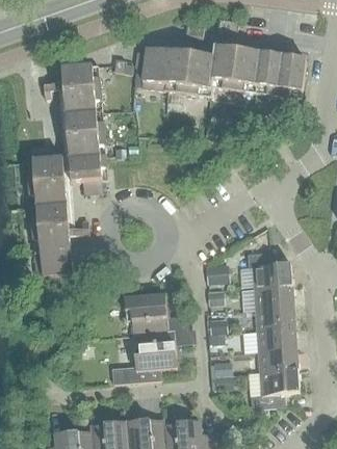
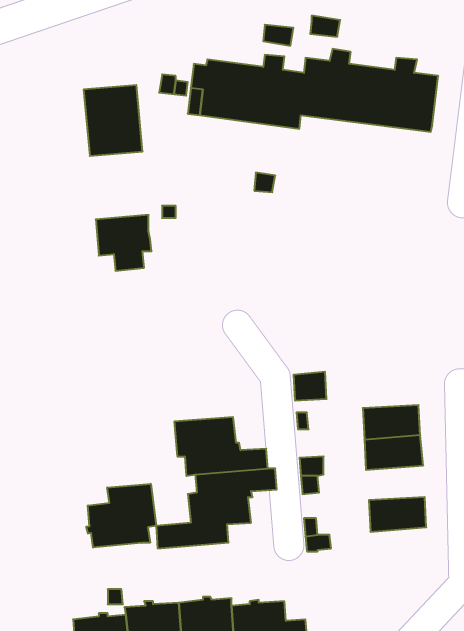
building: [64,110,105,157] -> none
building: [26,157,72,286] -> none
building: [245,249,291,287] -> none
building: [255,326,295,350] -> none
building: none -> [86,484,156,548]
building: [247,369,299,408] -> none

